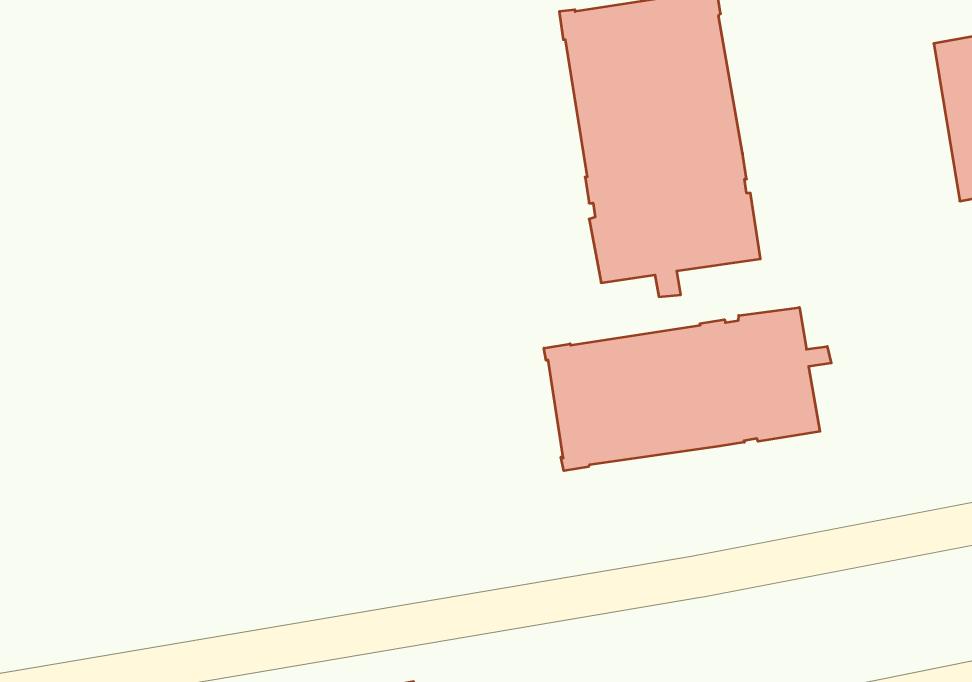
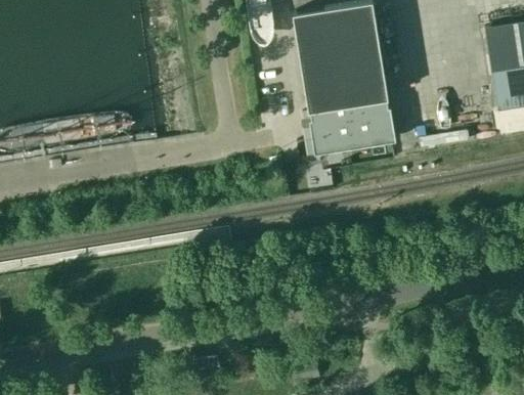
building: [544,307,831,471] -> none

